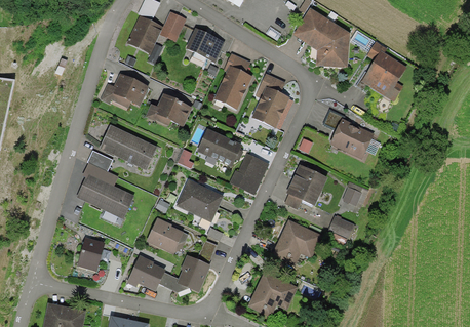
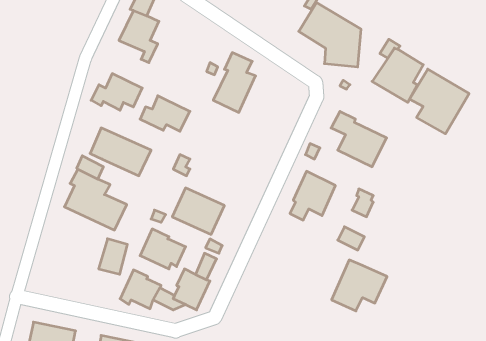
building: [160,12,185,41] -> none
building: [186,28,225,63] -> none
building: none -> [410,69,469,134]
building: [251,73,289,128] -> none
building: [197,129,242,167] -> none
building: [230,154,268,194] -> none
building: [271,219,322,267] -> [332,260,387,311]
building: [77,238,104,271] -> [99,239,127,274]
building: [248,272,296,316] -> none

